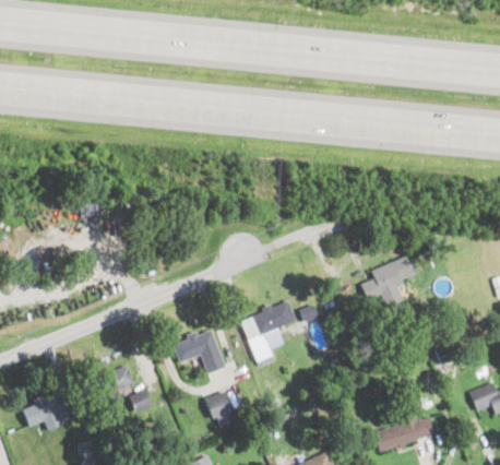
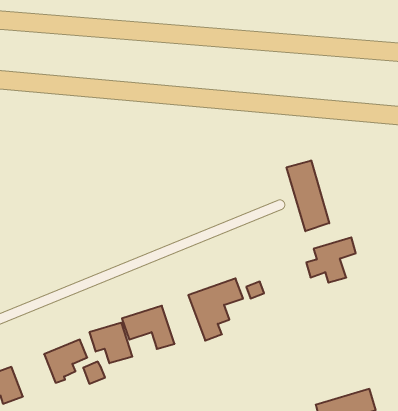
building: none -> [287,160,329,231]
building: none -> [90,323,132,363]
building: [206,391,237,427] -> none

